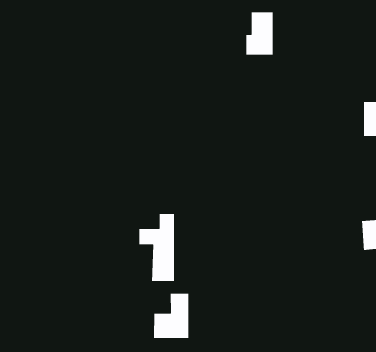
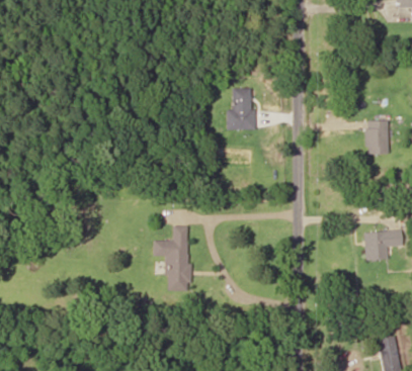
building: [245,11,273,56] -> [227,87,253,128]
building: [153,293,189,339] -> none

